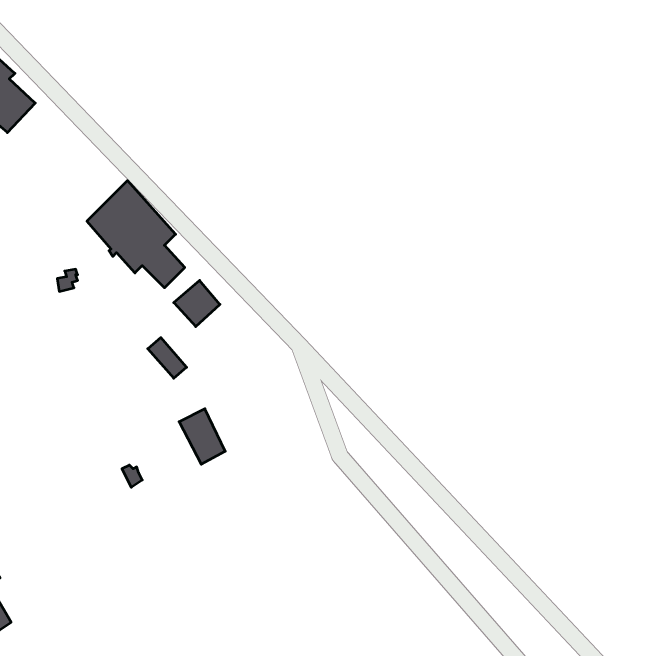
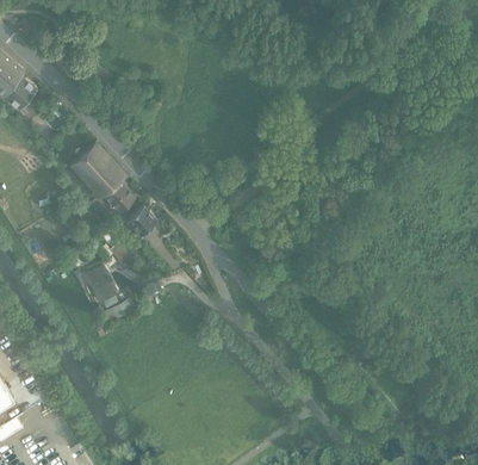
building: [179,409,225,464] -> [86,262,116,298]

